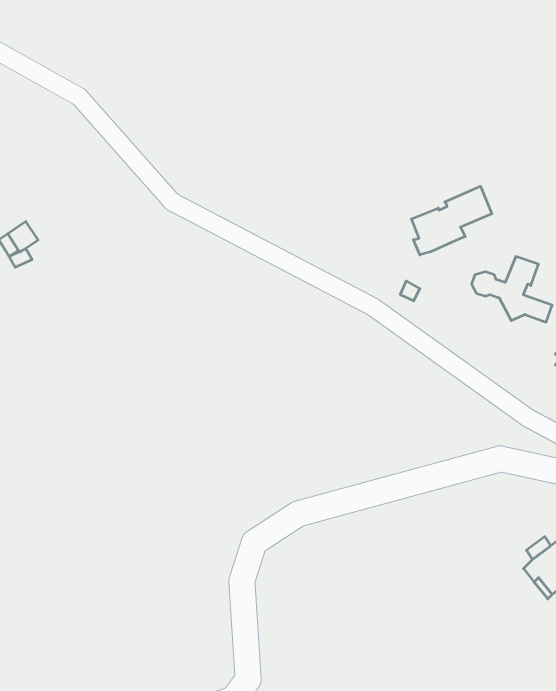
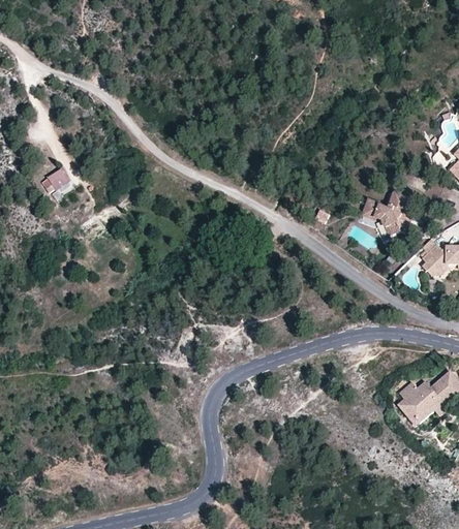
building: [411,186,492,255] -> none

